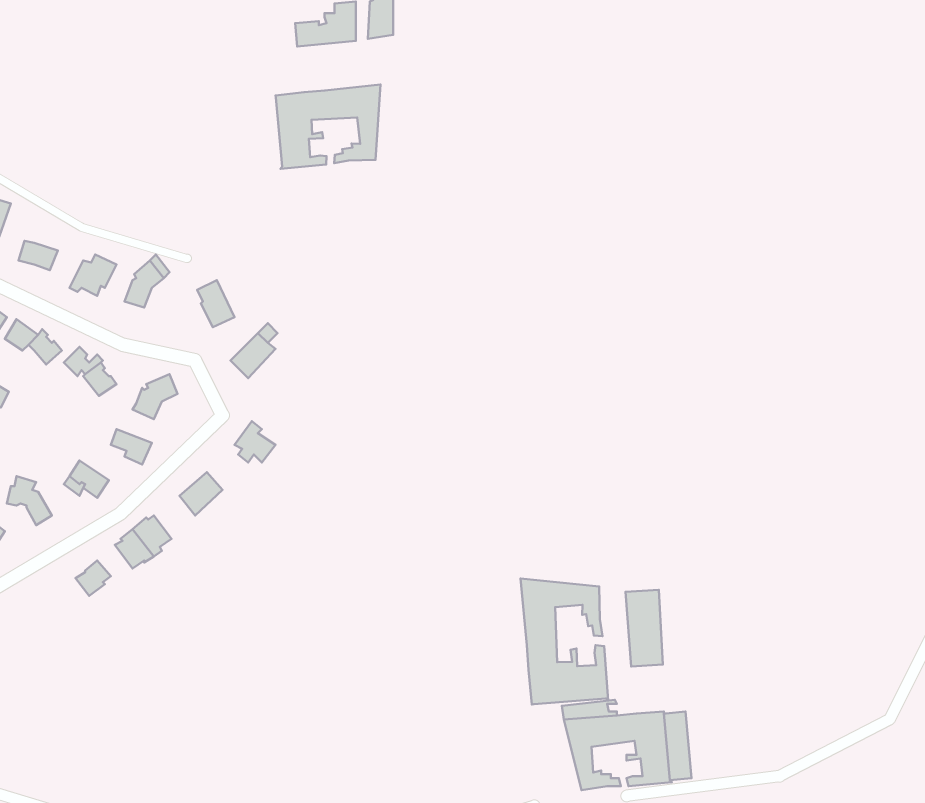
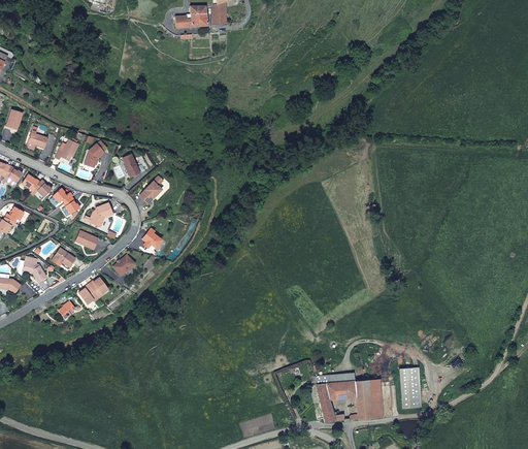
building: [275,84,381,169] -> none
building: [521,578,608,704] -> none
building: [625,590,663,666] -> [399,367,419,408]

